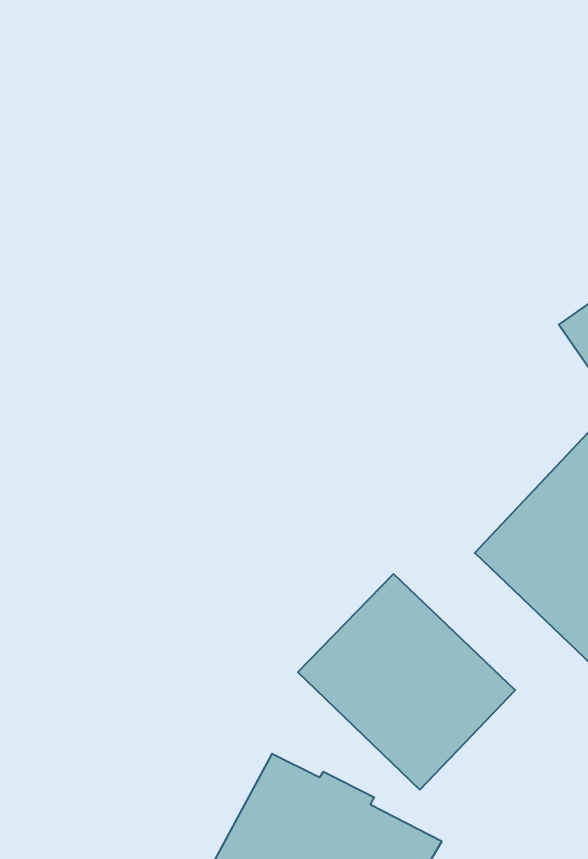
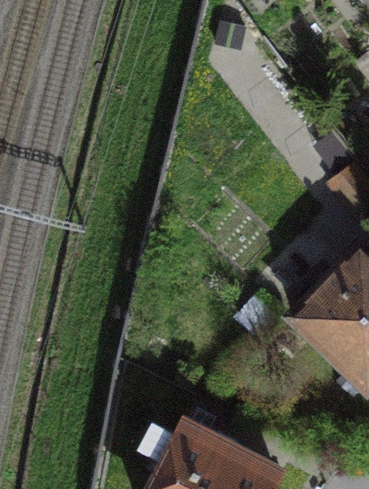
building: [298,574,515,790] -> none

